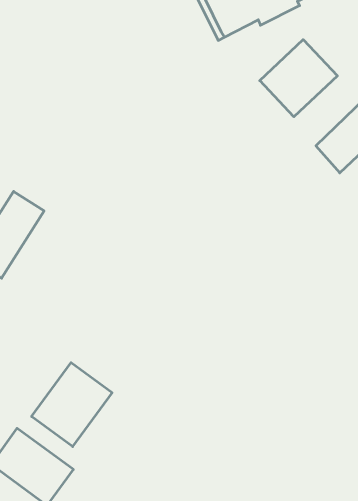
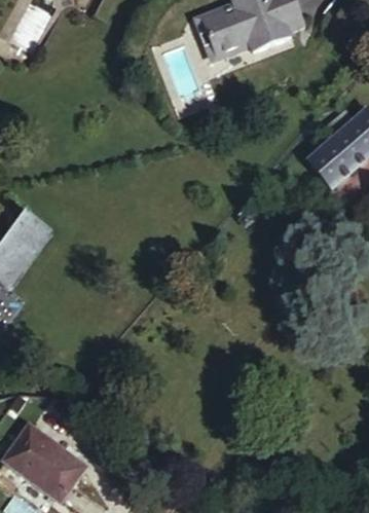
building: [260,40,337,117] -> none
building: [32,363,112,447] -> none

